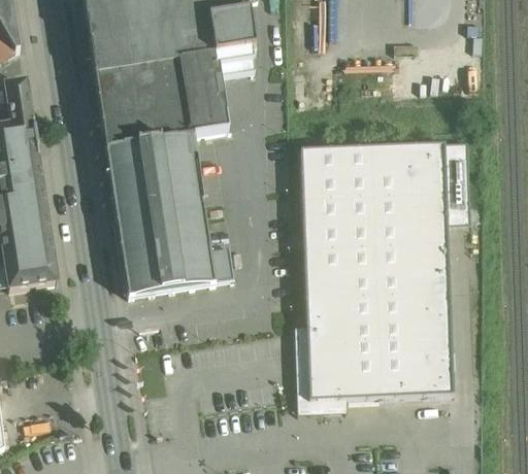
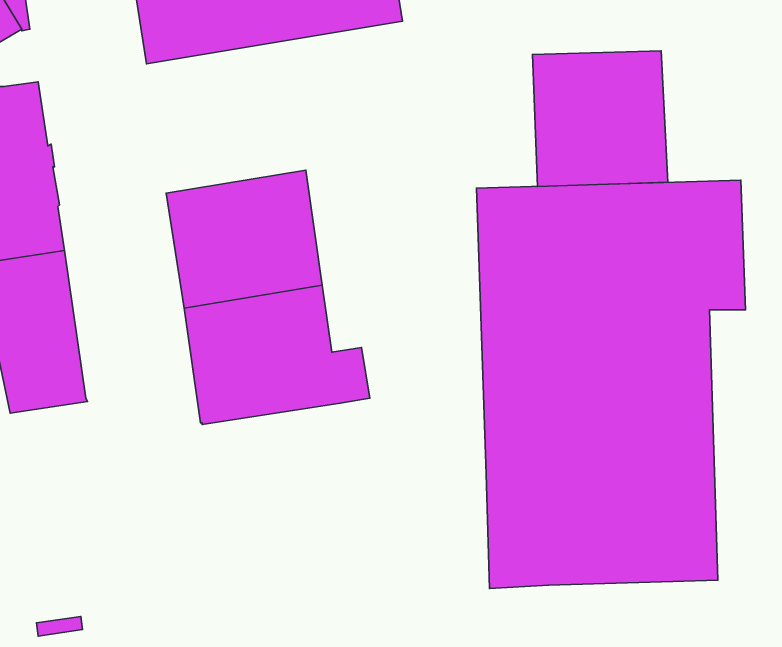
building: [93,42,255,150] -> none
building: none -> [532,51,668,186]
building: [294,327,345,412] -> none

